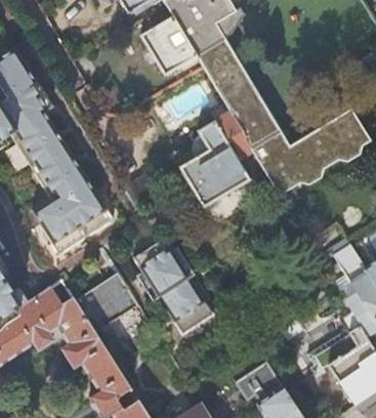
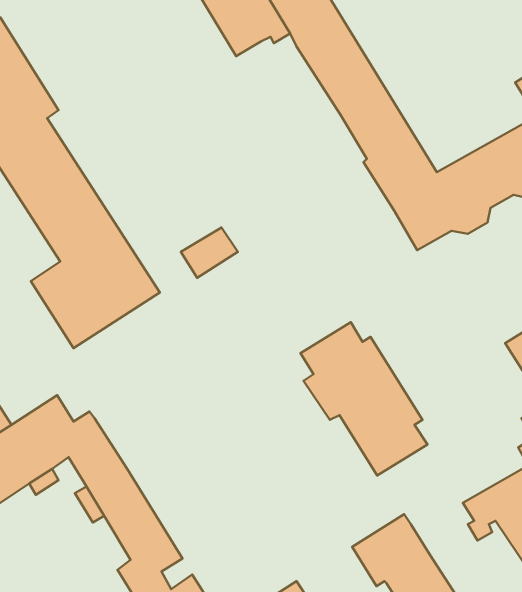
building: [180,110,263,206] -> none
building: [136,241,216,337] -> [300,322,428,475]
building: [75,273,139,332] -> none

